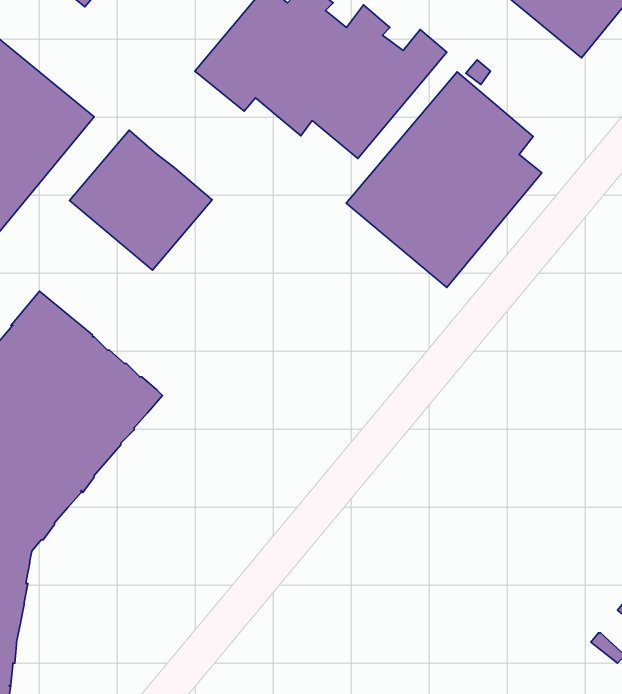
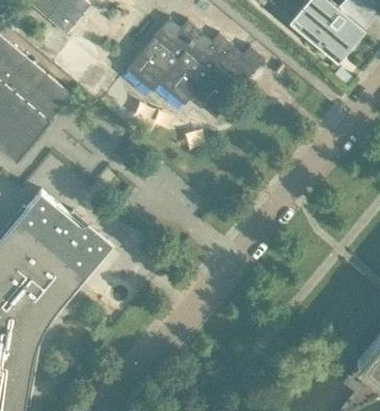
building: [346,72,542,287] -> none
building: [69,130,212,270] -> none

